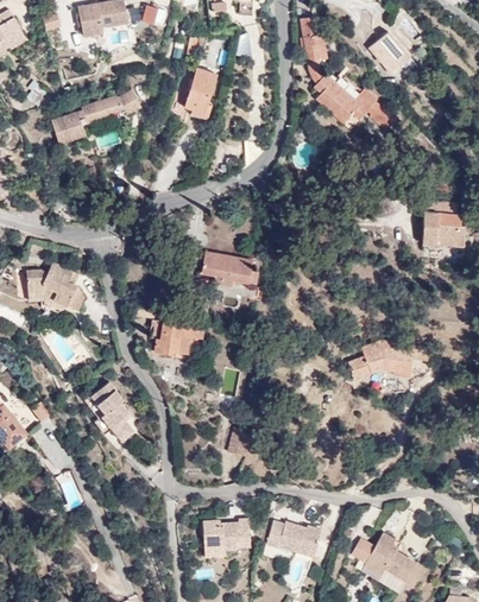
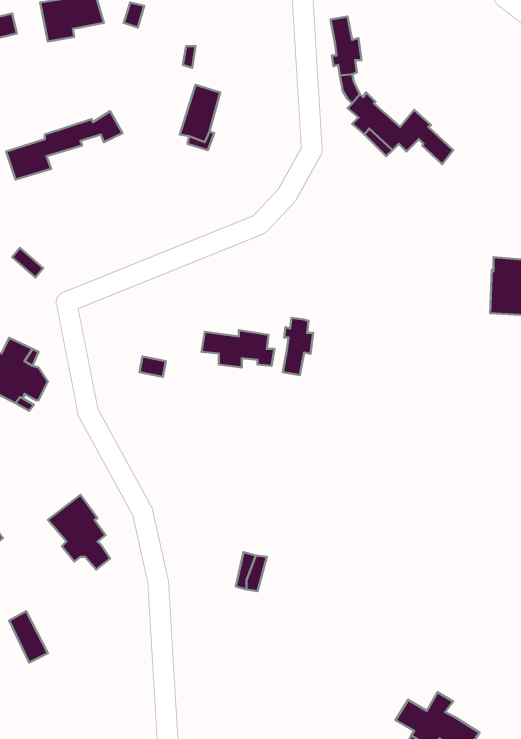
building: [370,31,410,74] -> none
building: none -> [283,318,313,375]
building: [155,322,202,355] -> none
building: [348,341,414,379] -> none
building: [202,519,247,549] -> none
building: [264,521,317,553] -> none

